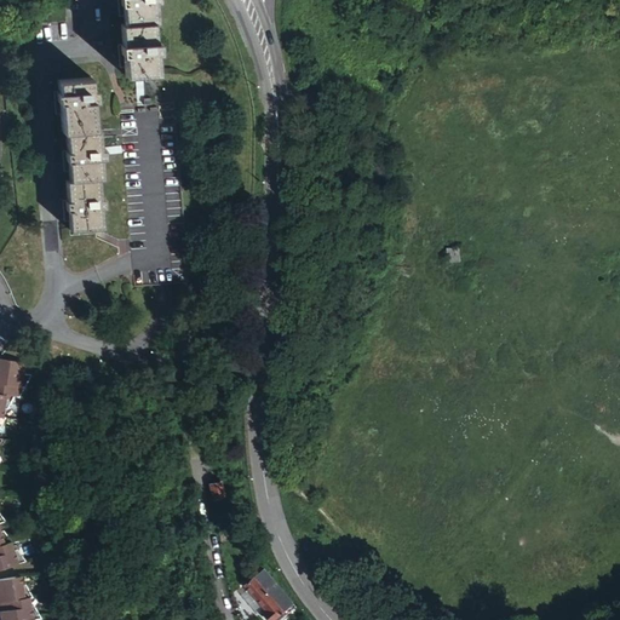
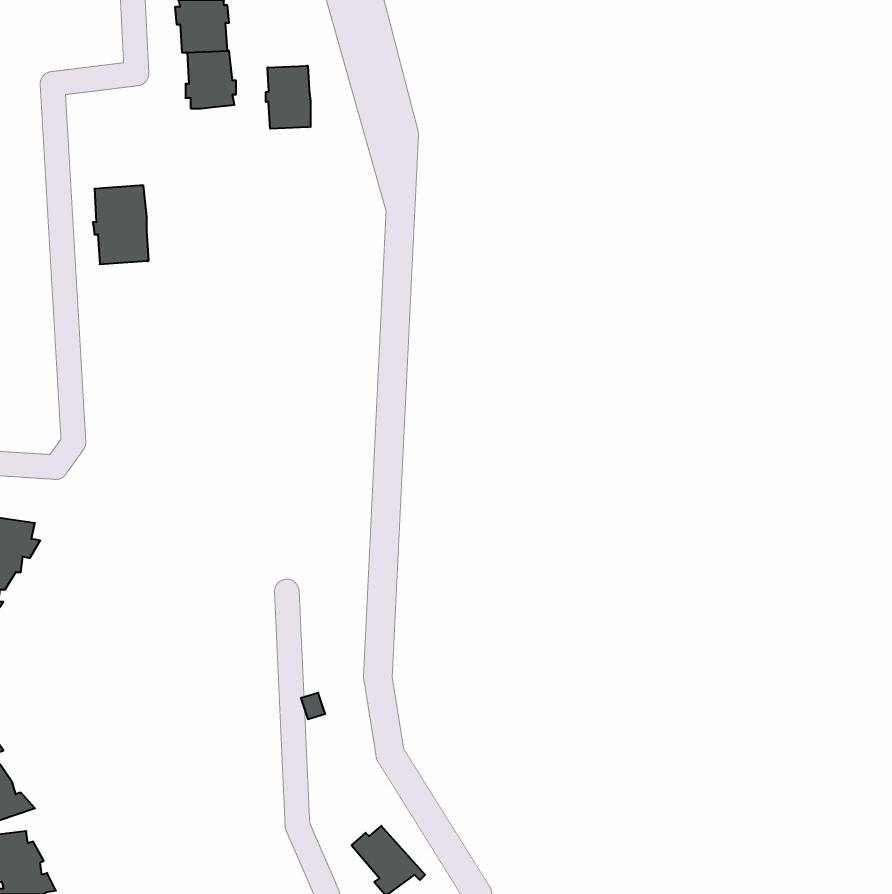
building: none -> [266,66,311,129]
building: [58,80,97,131] -> none
building: [69,180,107,231] -> none

